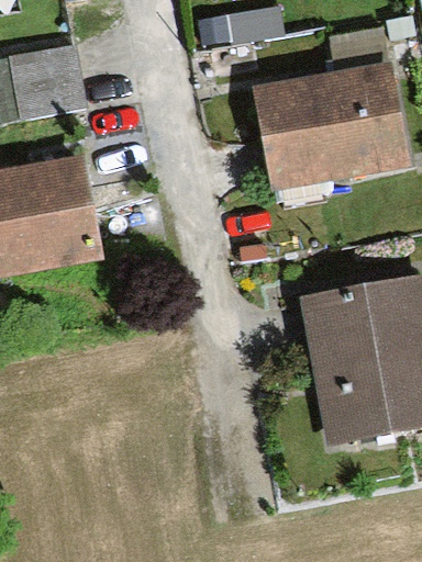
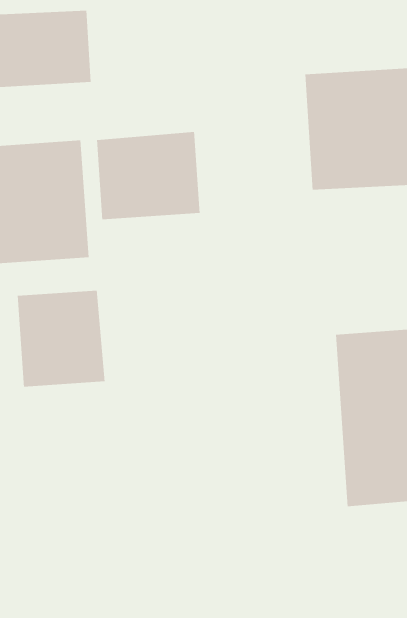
building: none -> [96,131,200,220]
building: none -> [17,290,105,388]

